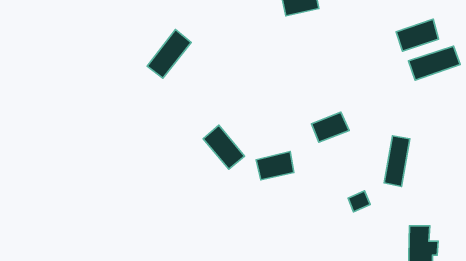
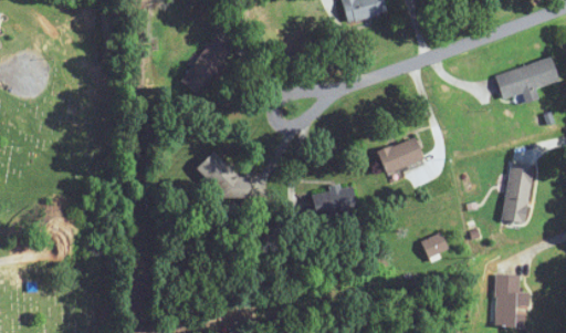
building: [396,19,439,51] -> none
building: [203,125,245,169] -> [197,150,247,204]
building: [384,136,410,186] -> [502,163,533,223]

